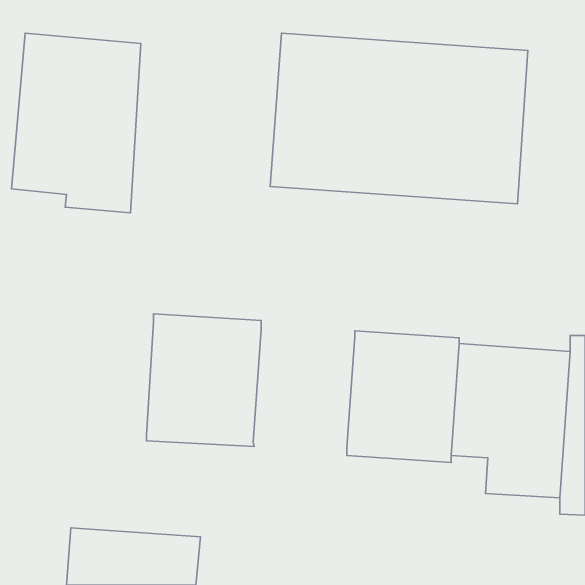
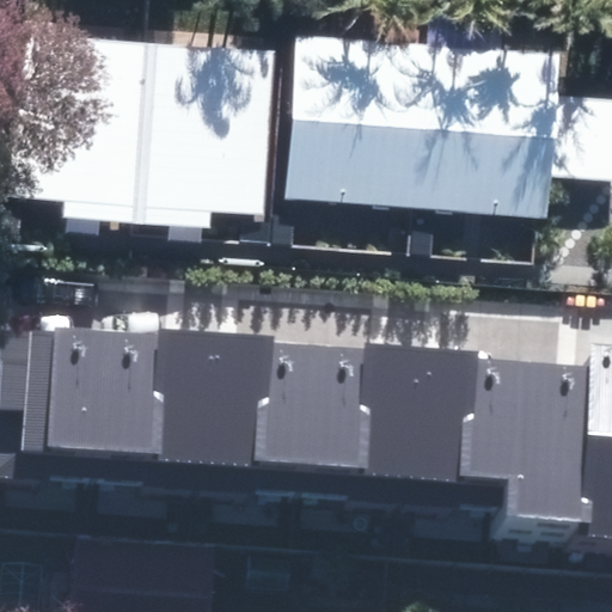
building: none -> [136,45,273,227]
building: none -> [49,329,160,454]
building: none -> [264,344,371,467]

